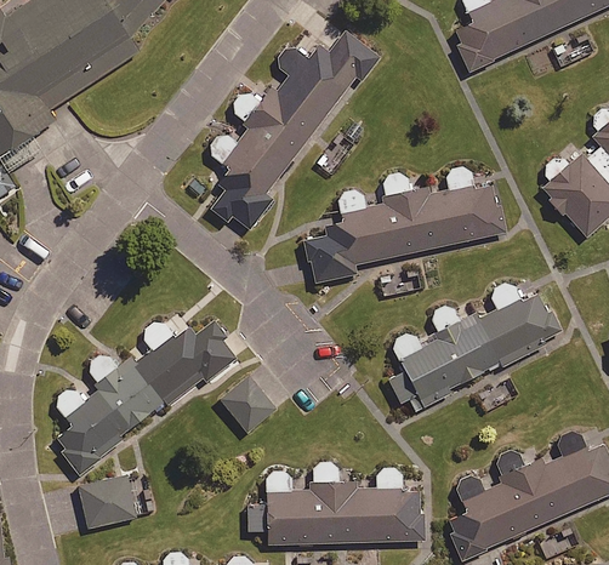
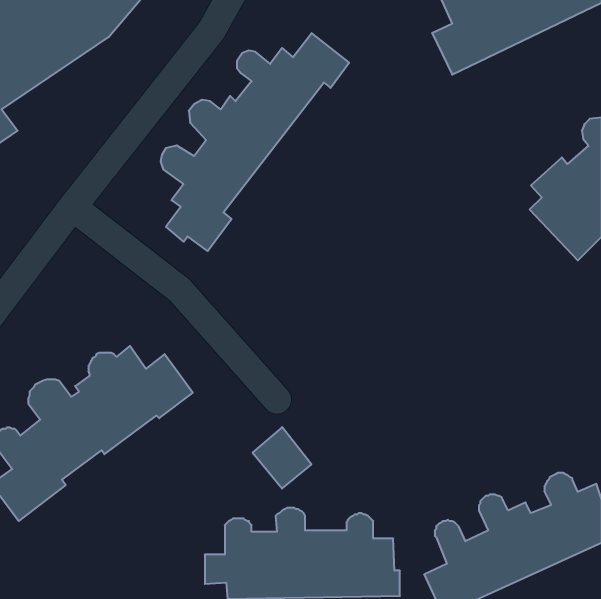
building: [306,169,502,284] -> none
building: [388,284,560,412] -> none
building: [221,378,274,434] -> [253,427,311,489]
building: [79,478,153,529] -> none

